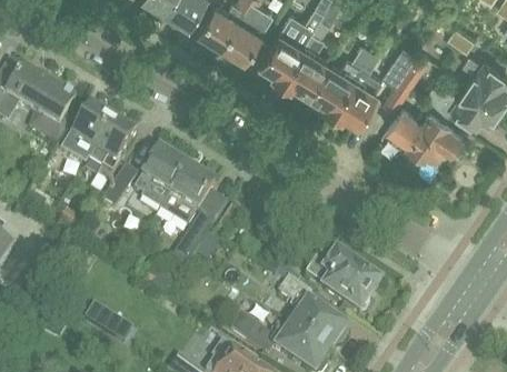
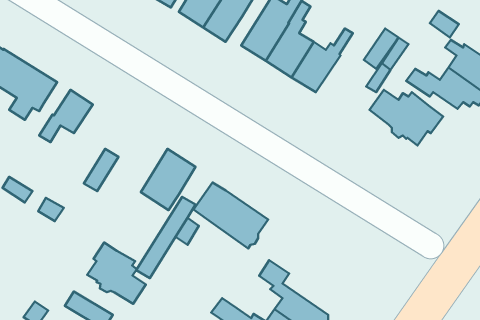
building: [335,51,382,124] -> none
building: [93,122,135,183] -> none
building: [135,150,187,210] -> none
building: [305,249,379,314] -> [194,183,268,248]
building: none -> [87,243,146,304]

